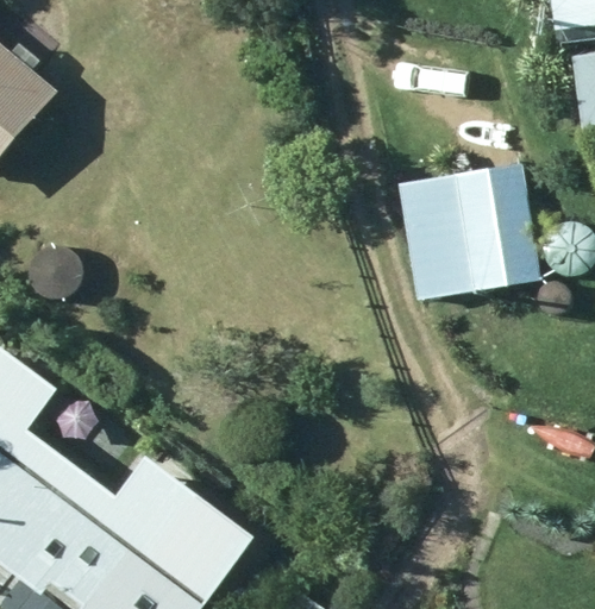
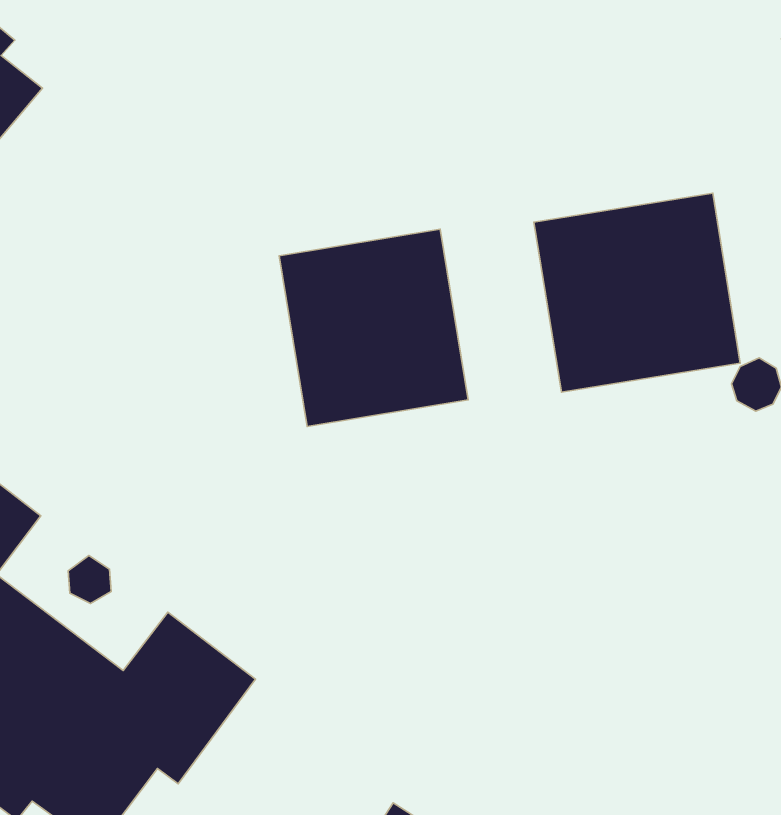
building: none -> [279,229,468,426]

